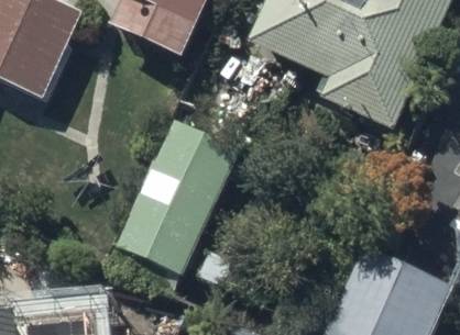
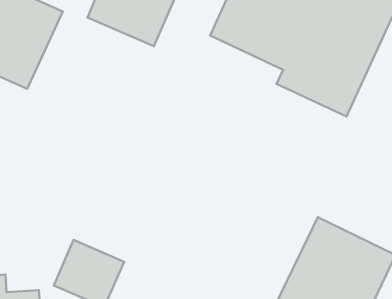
building: [116,124,255,294] -> none

